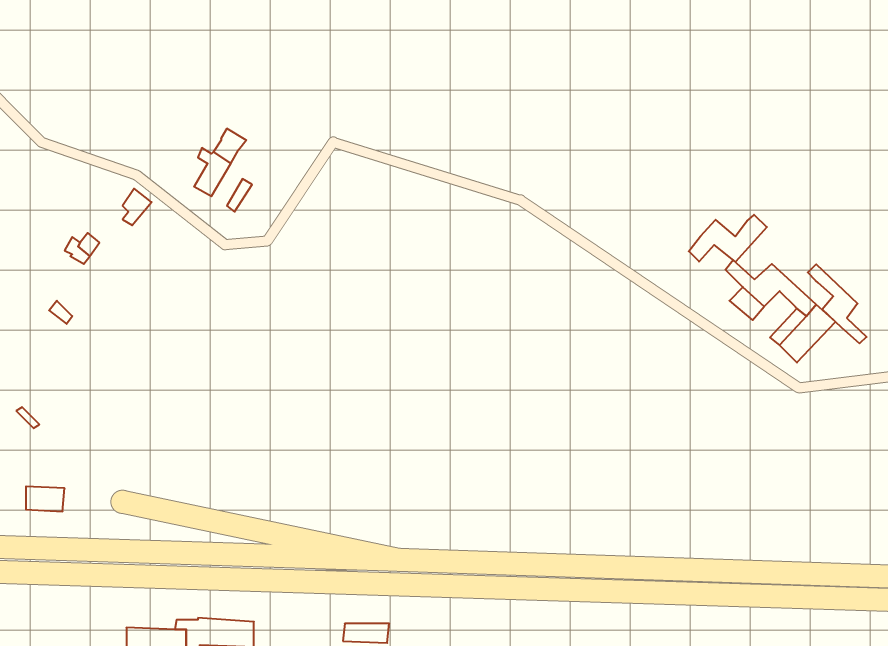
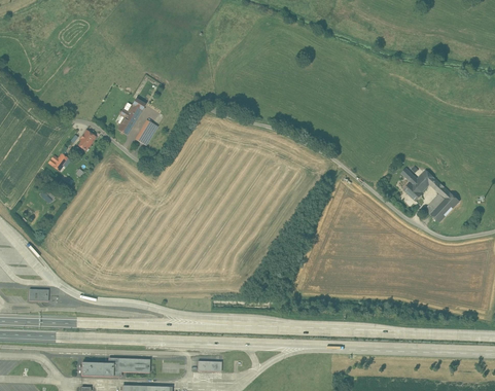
building: [689,215,767,262] -> none
building: [808,264,867,343] -> none

